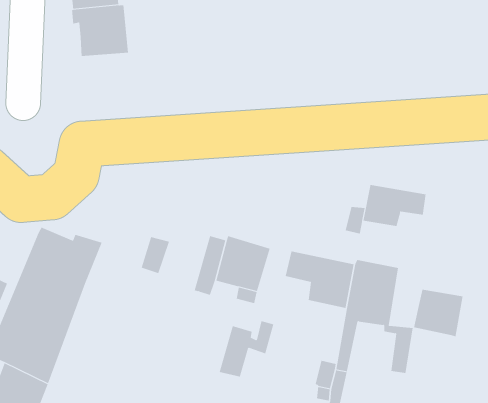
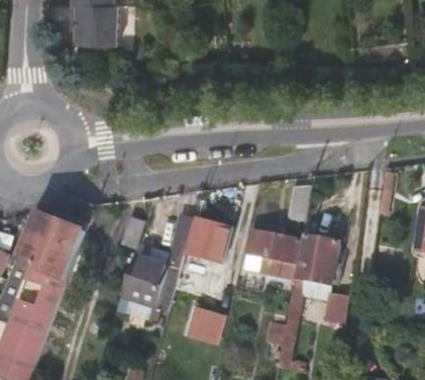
building: [363,184,426,227] -> none
building: none -> [123,252,172,305]
building: [413,289,463,337] -> none

